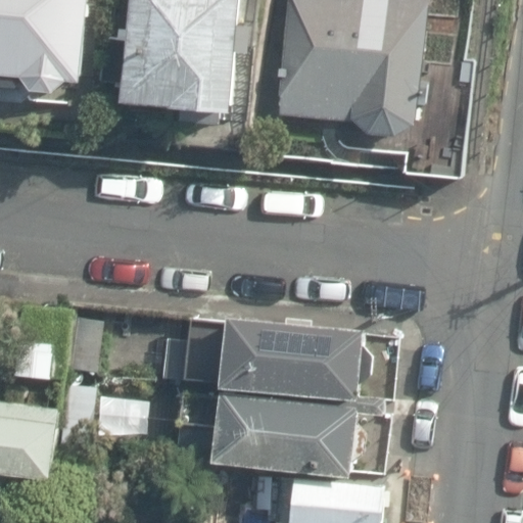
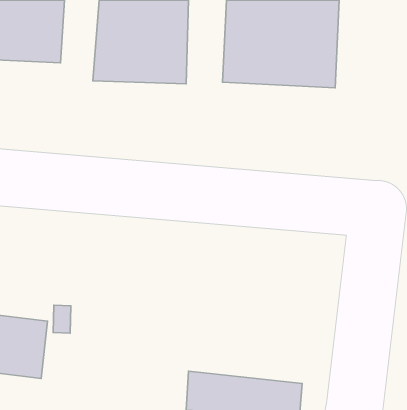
building: [157,311,361,401] -> none
building: [177,395,360,480] -> none

